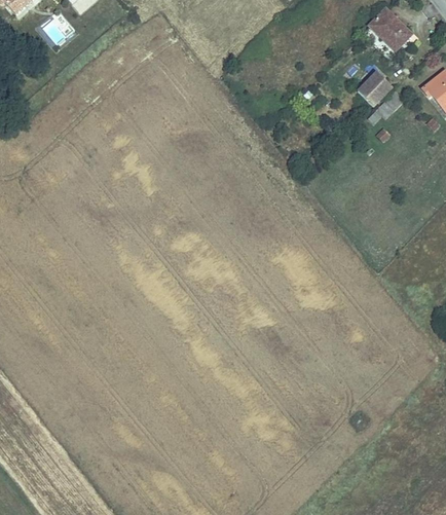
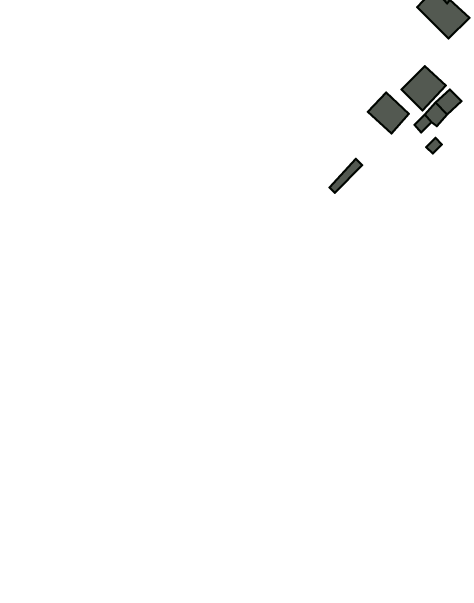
building: none -> [368,93,409,133]

